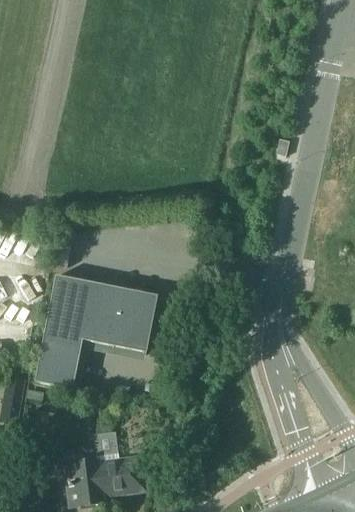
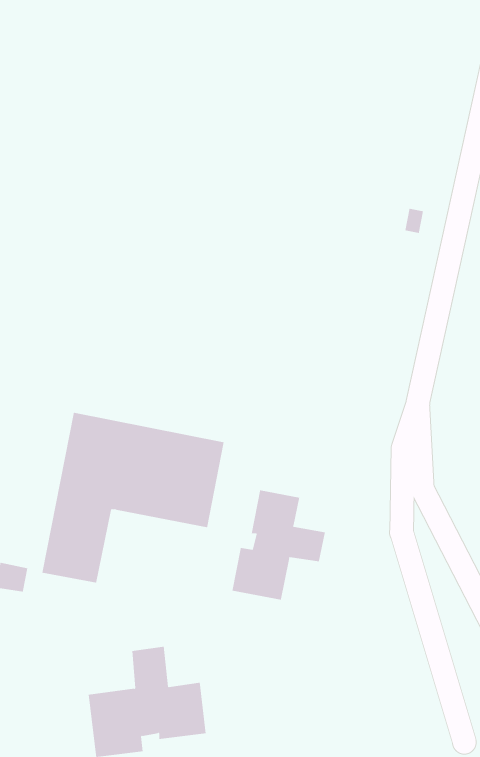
building: none -> [232,490,325,601]

